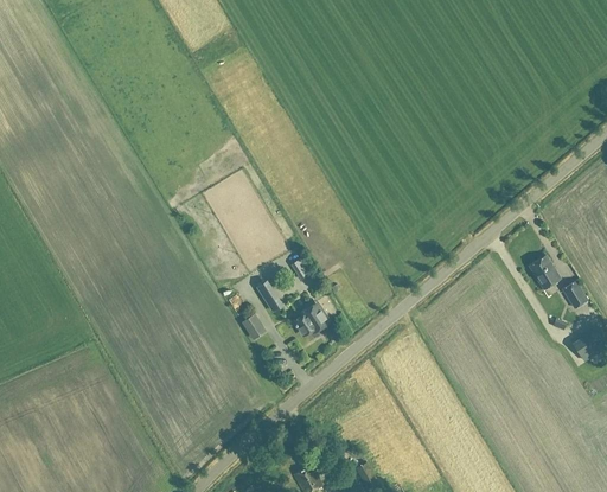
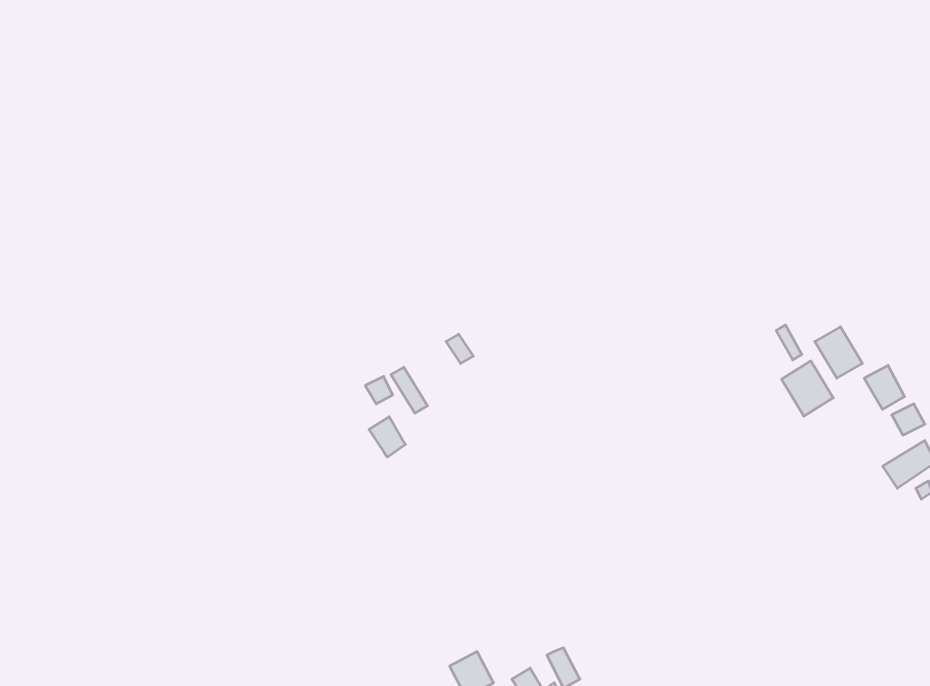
building: none -> [782,361,833,416]
building: [293,305,330,336] -> none

